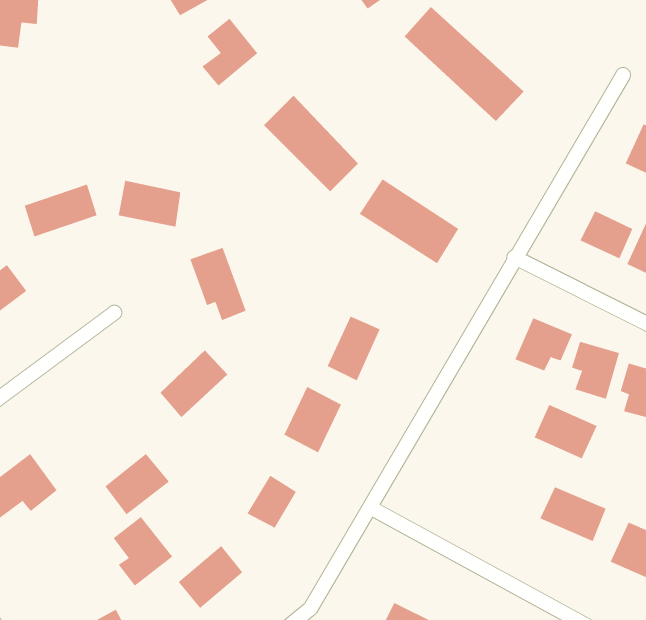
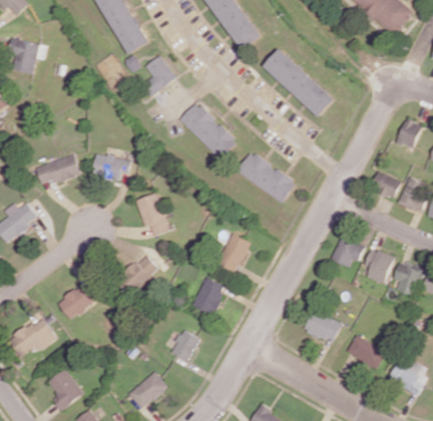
building: [534,404,597,459] -> [303,310,341,343]
building: [104,453,170,515] -> [57,283,96,320]
building: [113,516,173,587] -> [48,369,84,411]

